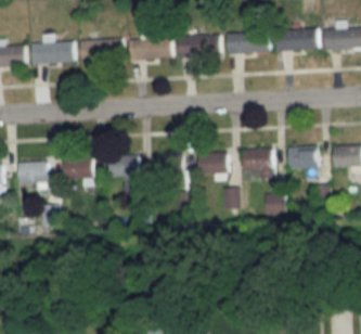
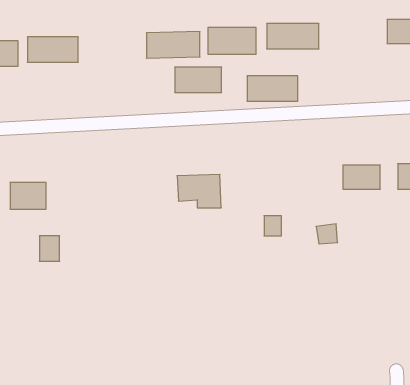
building: [275,29,317,50] -> [247,76,298,101]
building: [80,41,118,62] -> [175,67,222,92]
building: [242,149,272,176] -> none
building: [197,153,225,174] -> none
building: [107,155,137,185] -> none
building: [63,158,92,179] -> none

